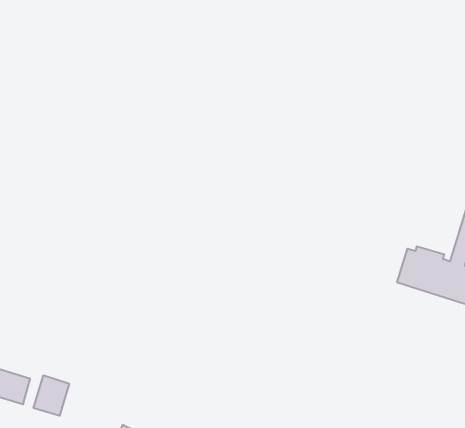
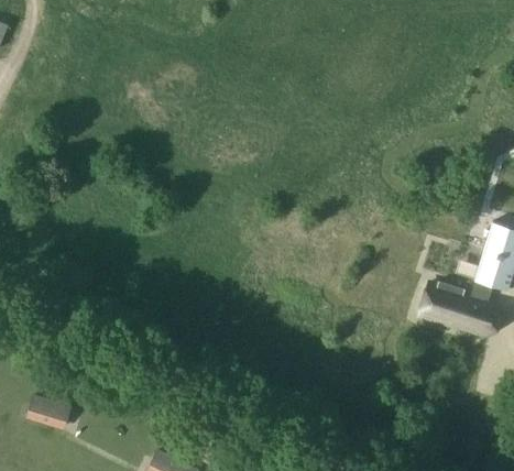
building: [34,375,69,416] -> none

